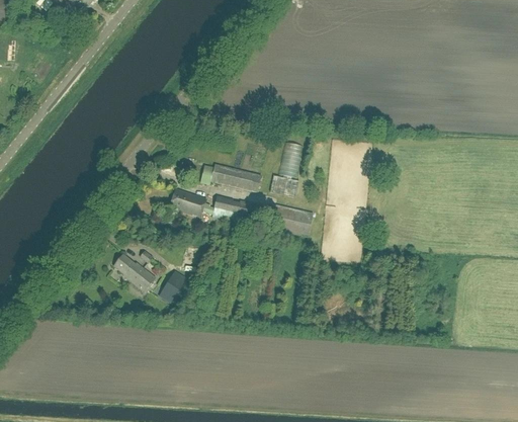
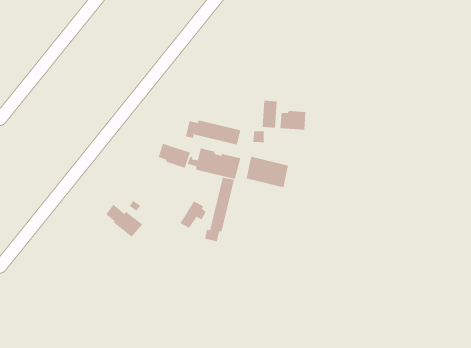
building: none -> [280,110,306,131]
building: none -> [204,177,235,242]
building: [159,271,188,302] -> [179,201,206,229]

